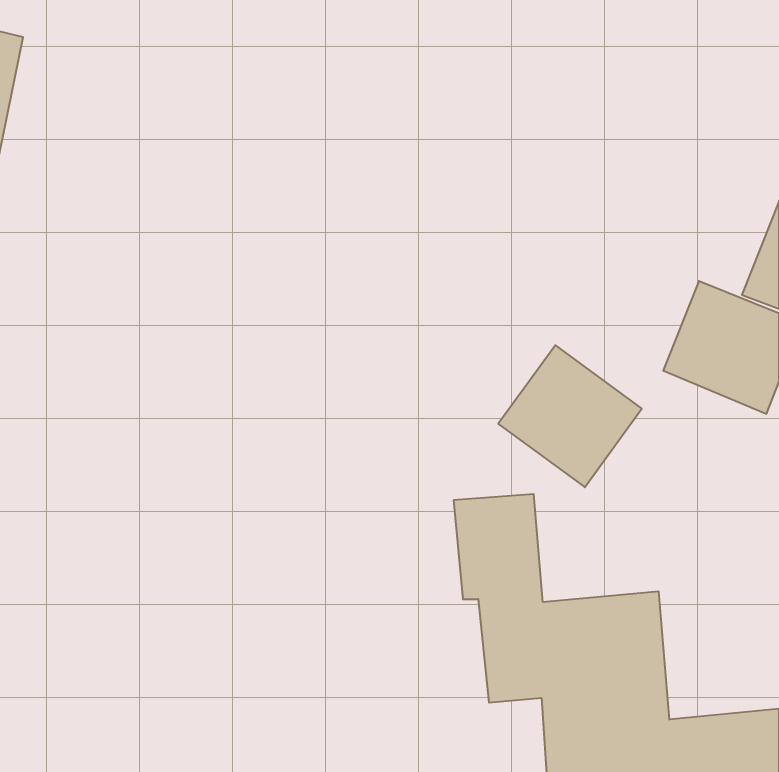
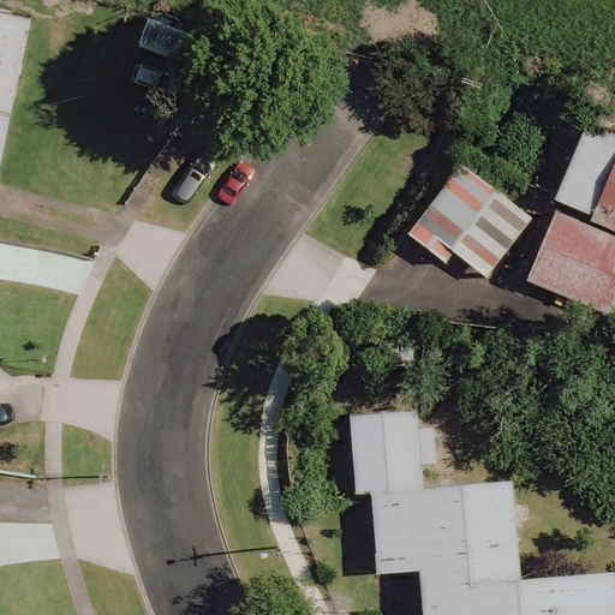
building: [498,345,642,487] -> [406,186,518,297]

